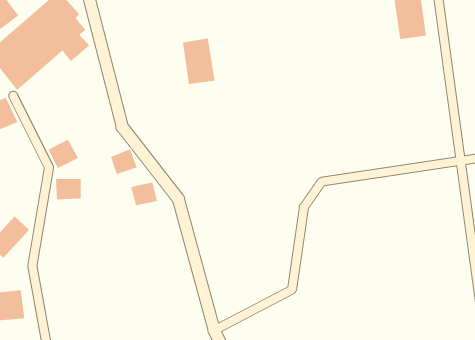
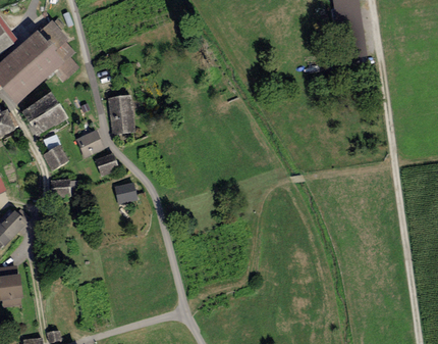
building: [182,38,216,84] -> [107,95,135,135]
building: none -> [22,95,66,136]
building: none -> [75,130,104,157]

